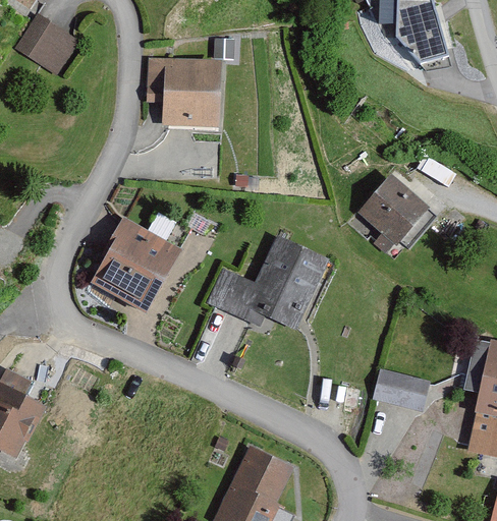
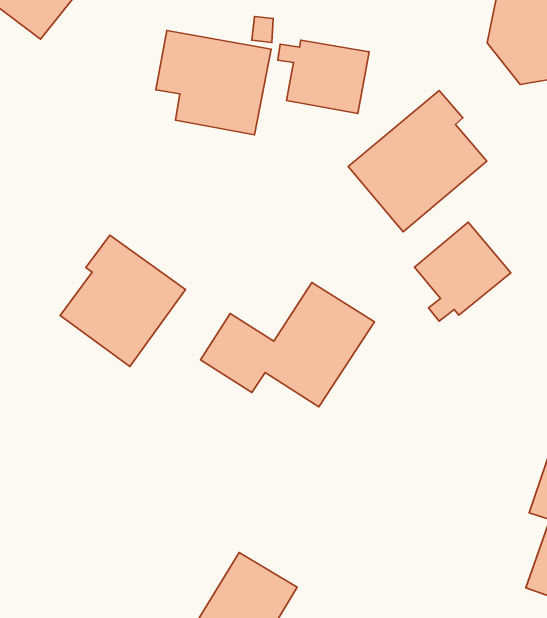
building: none -> [278,40,369,114]
building: none -> [348,91,487,232]
building: [372,370,429,412] -> none

